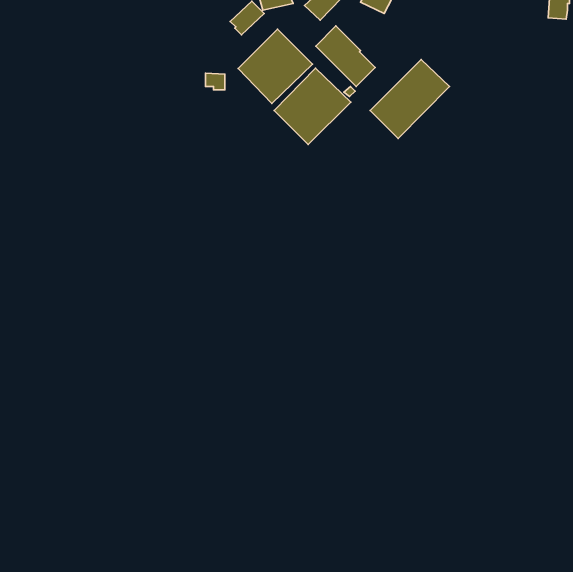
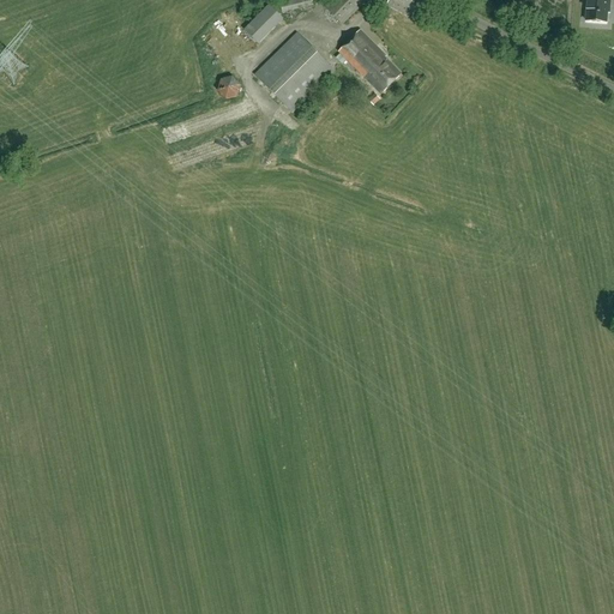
building: [370,60,449,139] -> none
building: [274,68,351,145] -> none

